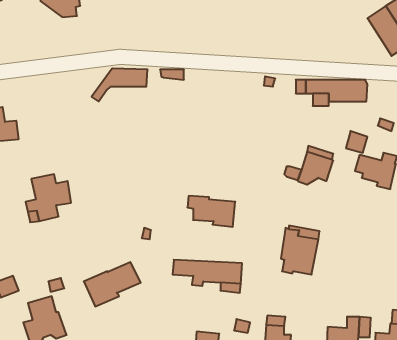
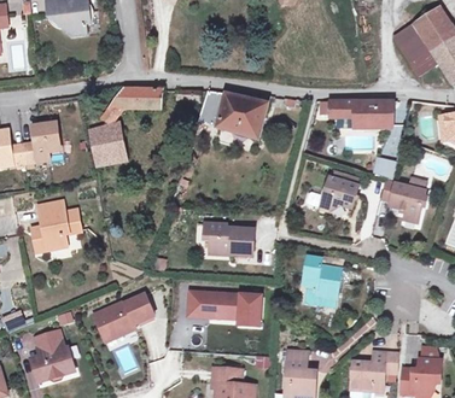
building: none -> [198,90,270,139]
building: none -> [23,123,59,163]
building: none -> [91,123,126,164]

